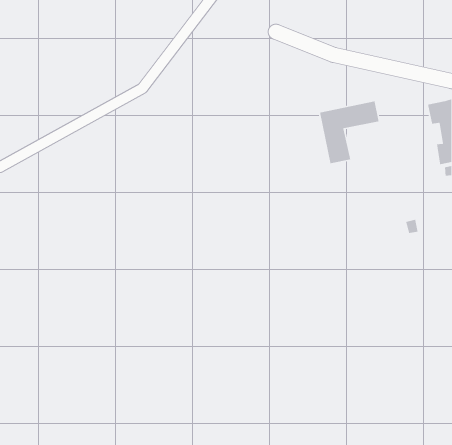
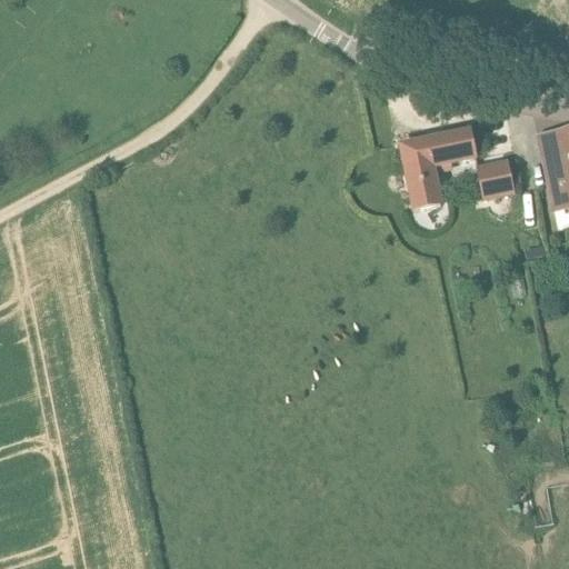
building: none -> [477,158,515,196]

